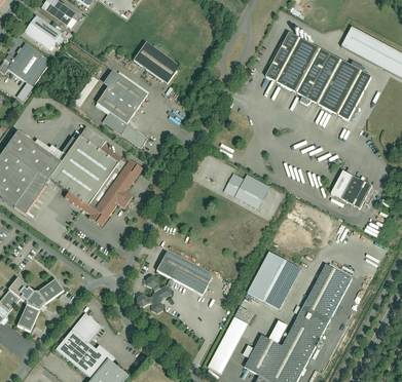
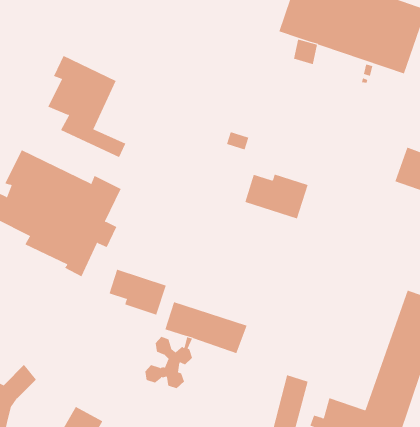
building: [134,42,179,82] -> none
building: none -> [109,269,166,315]
building: [250,252,301,308] -> none

